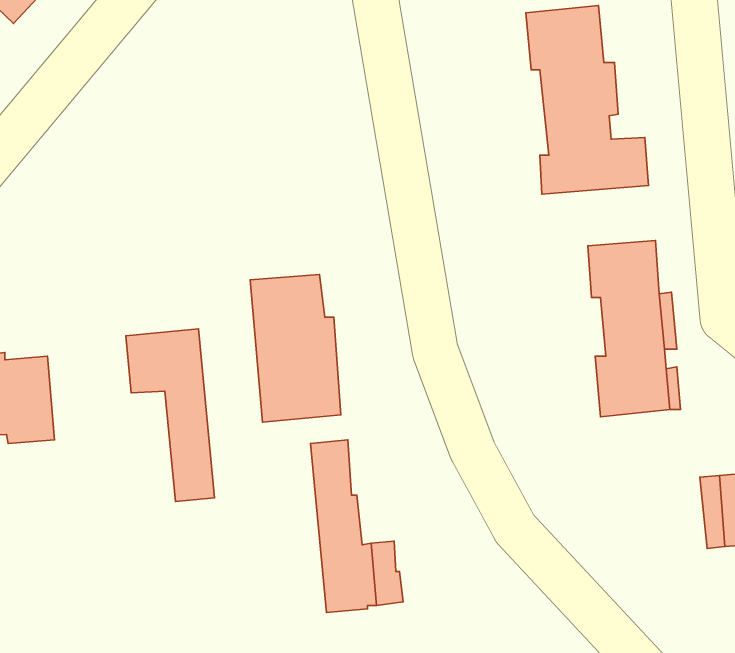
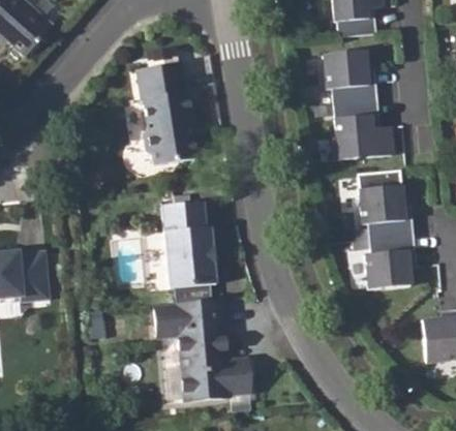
building: none -> [131,60,196,164]
building: [126,329,215,501] -> [155,302,207,402]

